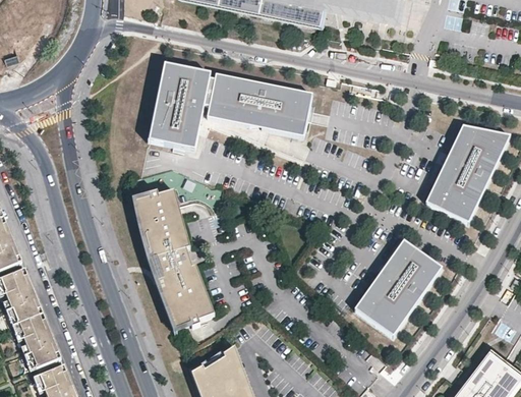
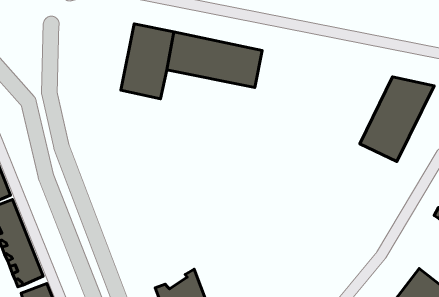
building: [135,190,214,329] -> none
building: [353,241,442,338] -> none

